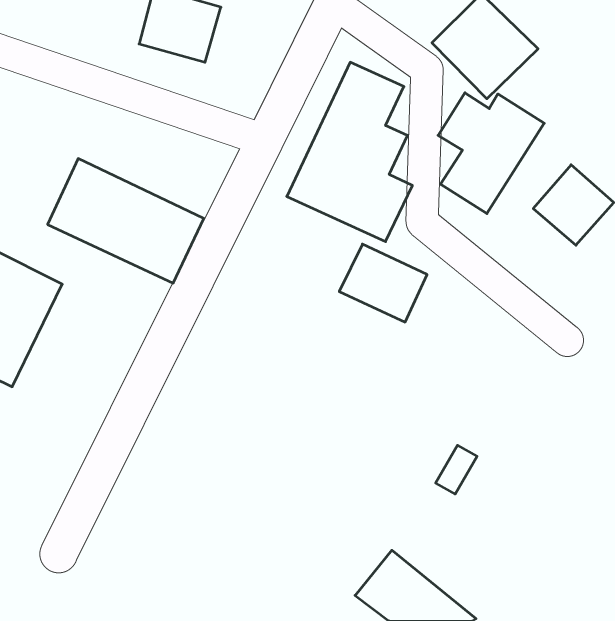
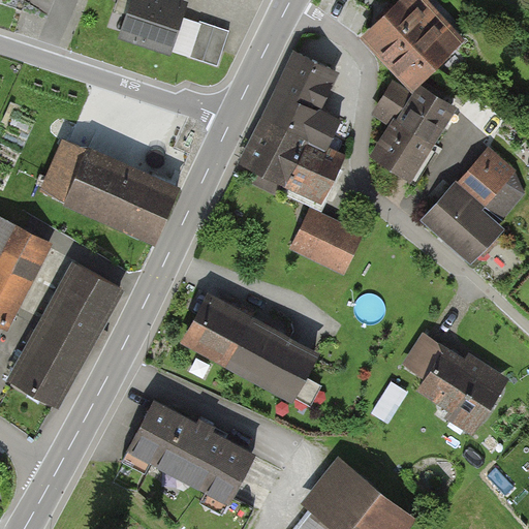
building: none -> [184,23,224,66]
building: none -> [416,177,508,266]
building: none -> [5,272,111,405]
building: none -> [184,304,307,399]
building: none -> [407,339,508,438]
building: none -> [126,409,243,503]

